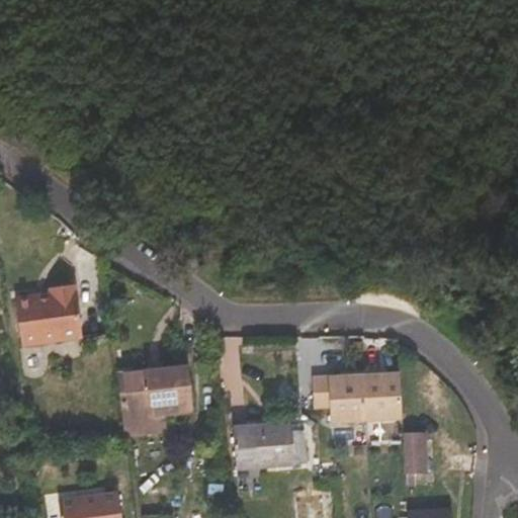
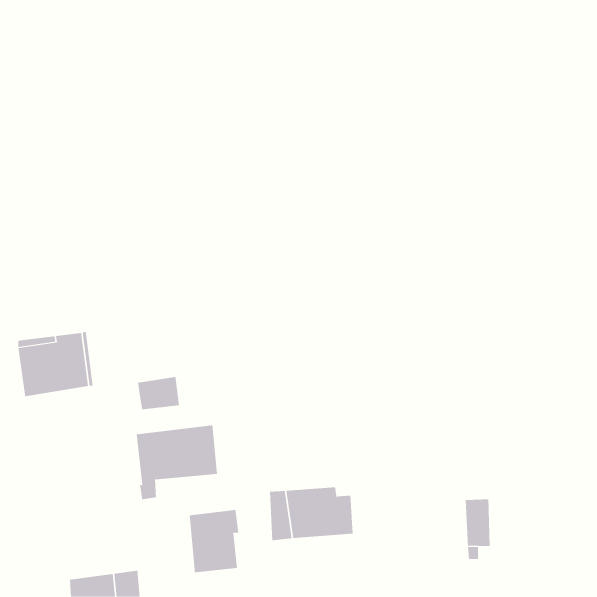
building: none -> [137,376,179,410]
building: [315,369,403,422] -> none
building: none -> [189,509,239,573]

